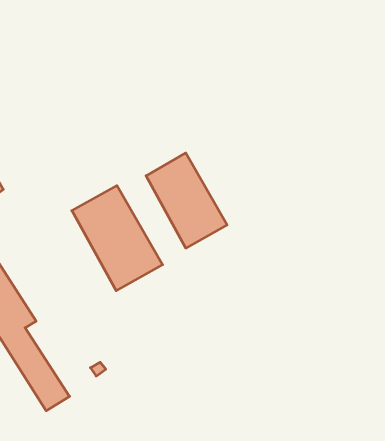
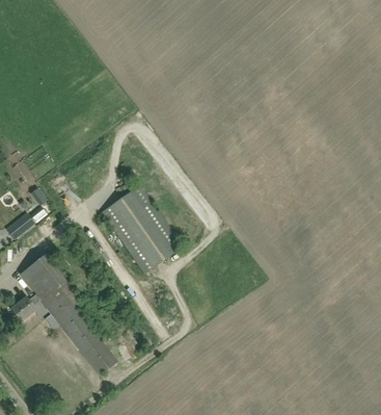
building: [146,153,227,248] -> none

